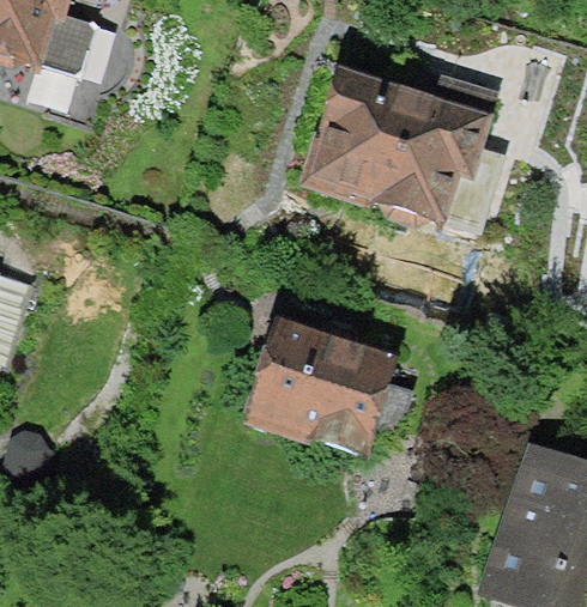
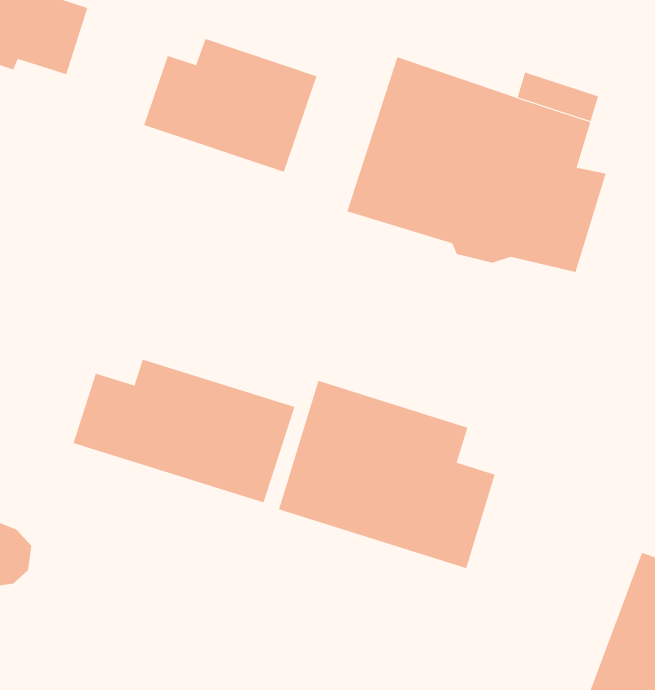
building: none -> [143,38,317,173]
building: none -> [73,359,295,503]

